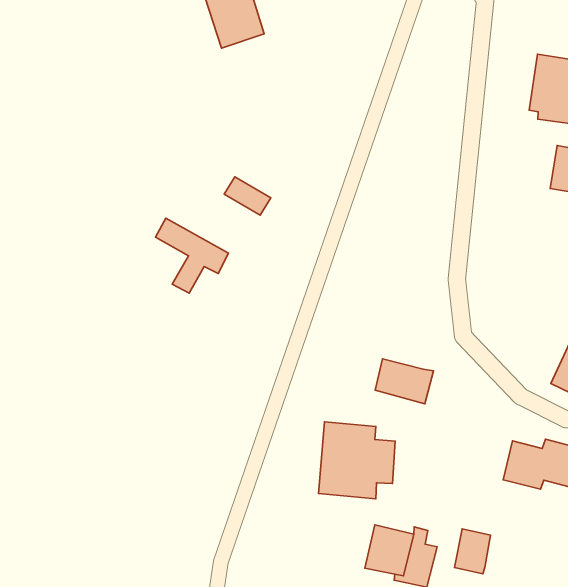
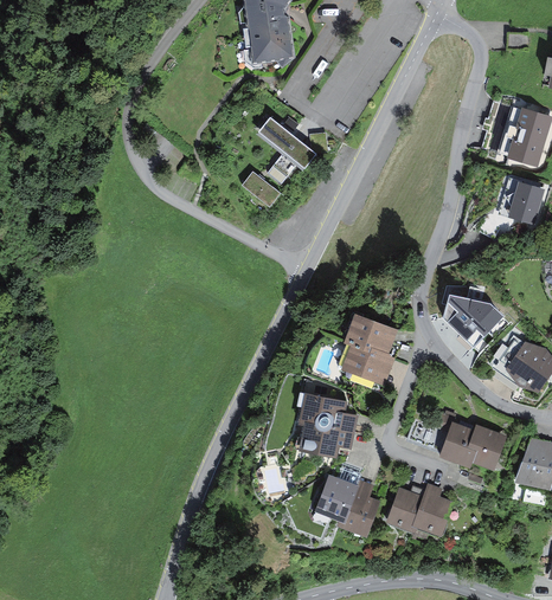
building: [155,218,229,293] -> [259,121,317,185]
building: none -> [443,295,503,348]
building: none -> [347,314,396,353]
building: none -> [415,484,450,531]

